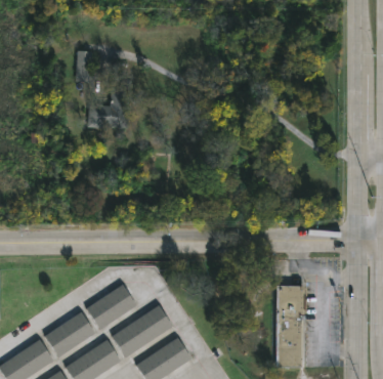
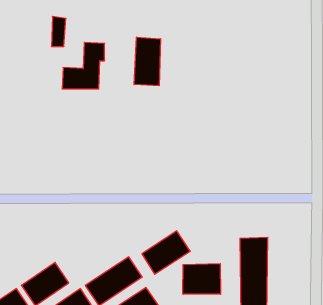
building: none -> [134,37,161,86]
building: [85,284,136,330] -> [142,231,190,274]
building: none -> [183,264,221,294]

